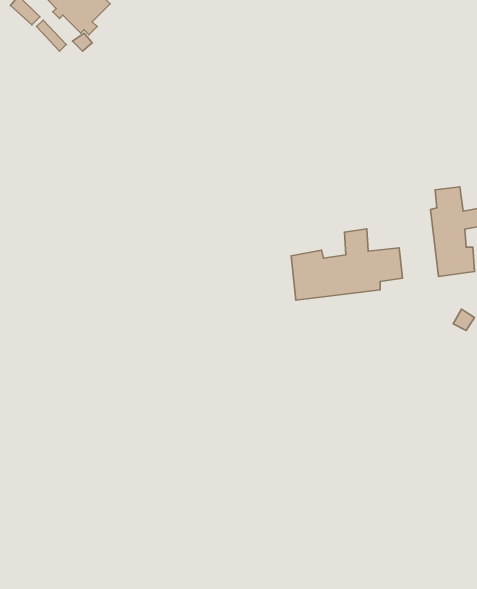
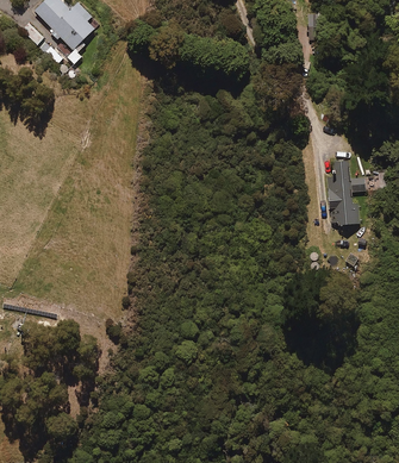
building: [291,229,403,300] -> none

